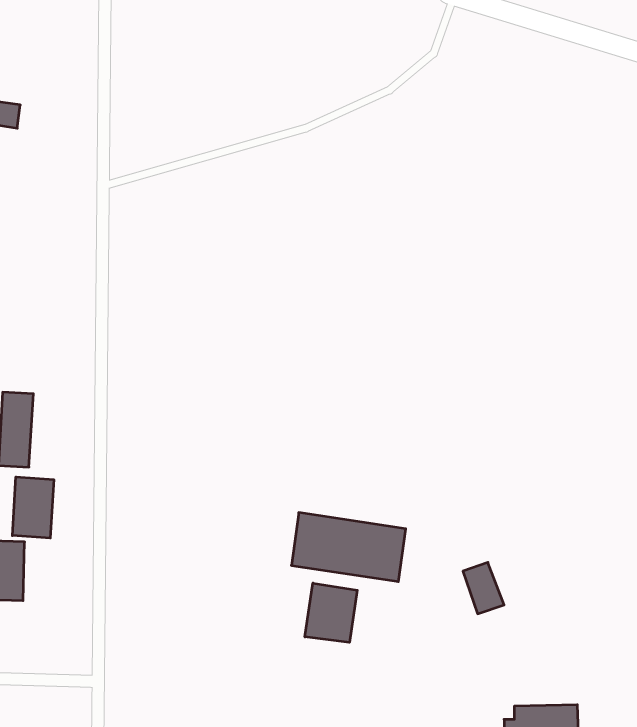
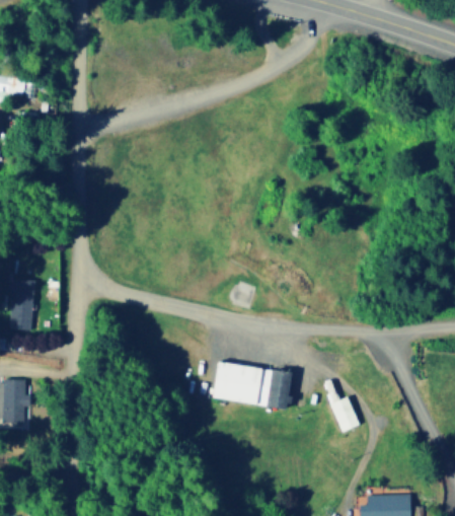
building: [12,477,54,538] -> none
building: [305,583,357,642] -> none

